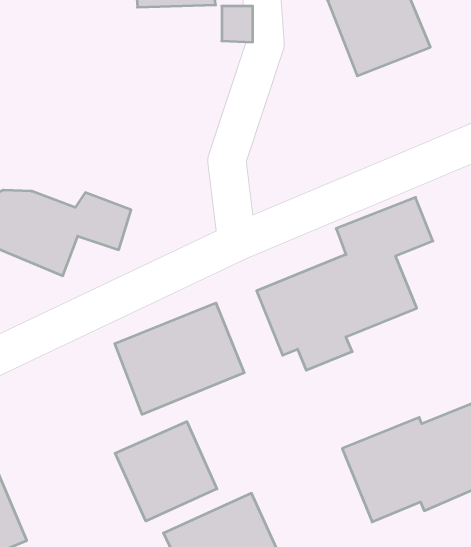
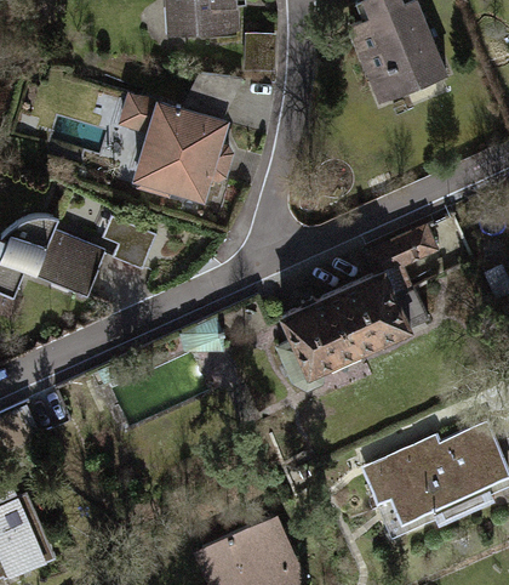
building: none -> [119,74,244,205]
building: [115,303,244,414] -> none
building: [115,422,217,521] -> none

